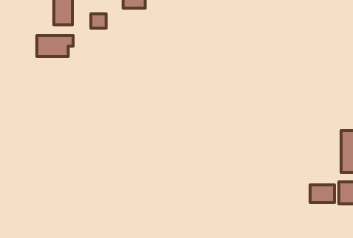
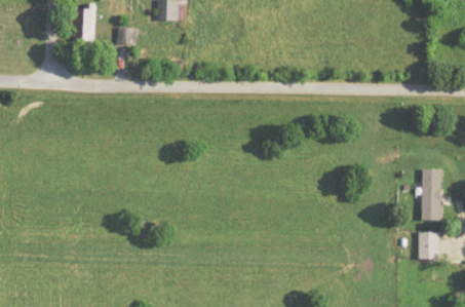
building: [37,36,73,57] -> none
building: [310,185,334,203] -> none

